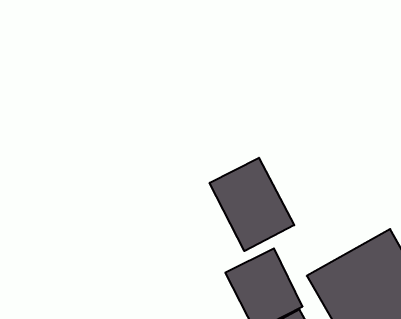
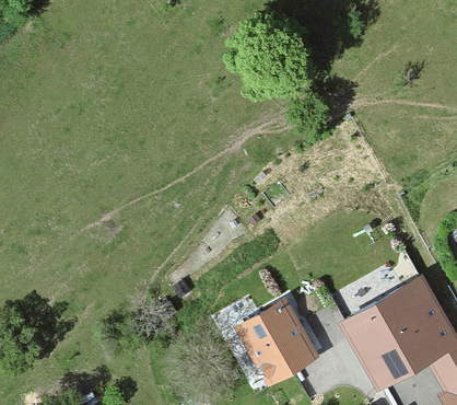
building: [210,158,294,251] -> none

